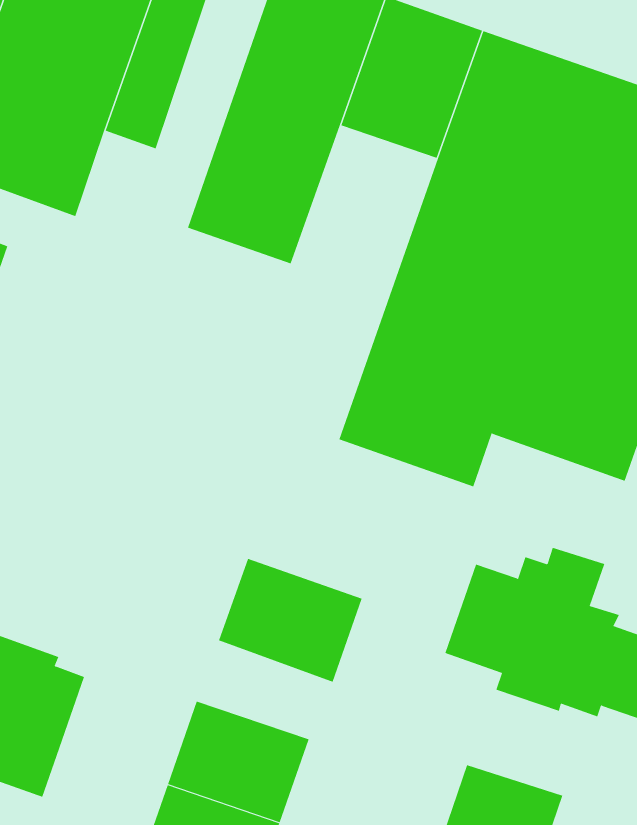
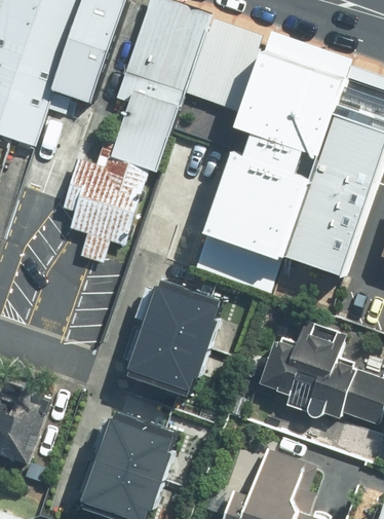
building: none -> [65,159,151,249]
building: none -> [141,284,222,354]

